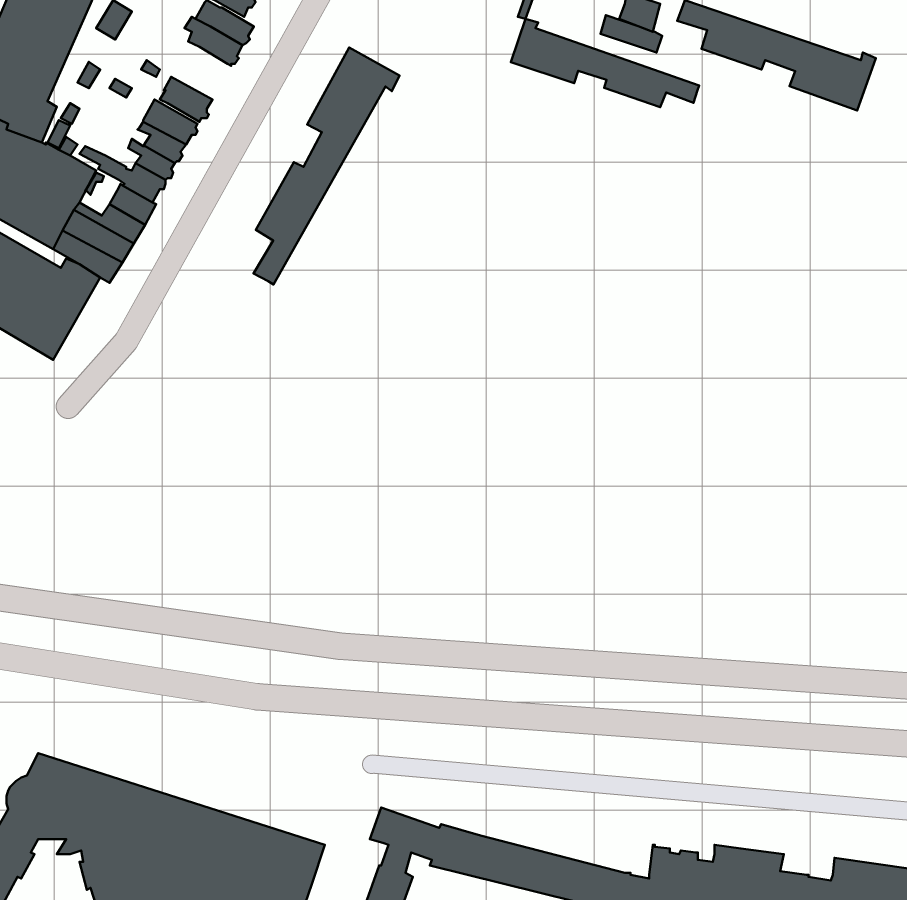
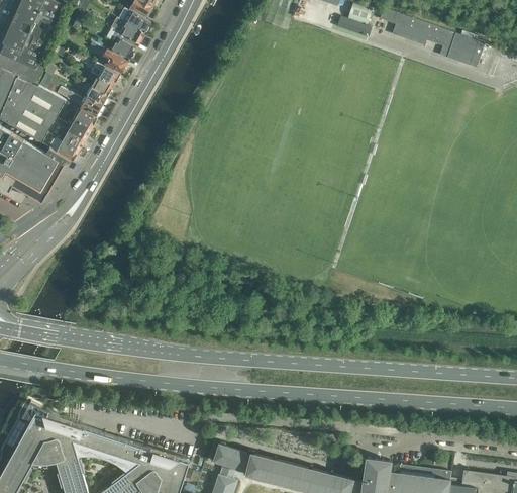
building: [511,19,699,107] -> none
building: none -> [109,29,135,59]
building: [253,48,400,284] -> none

